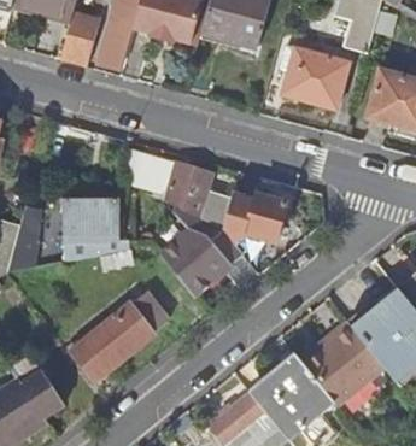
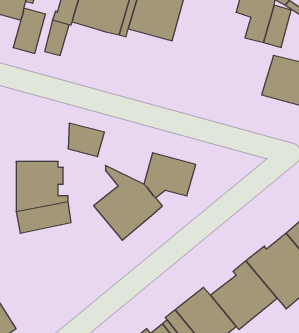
building: [280,45,350,108] -> none
building: [163,163,229,227] -> none
building: [71,291,168,378] -> none

